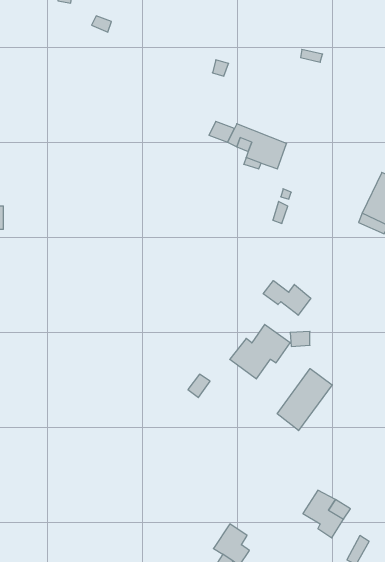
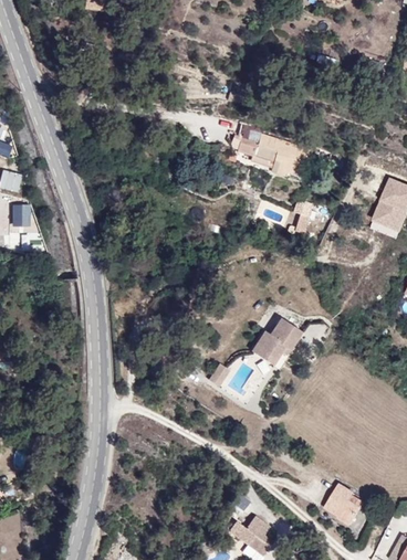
building: [263,281,311,315] -> none
building: [277,369,332,431] -> none

